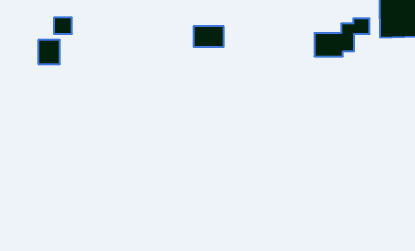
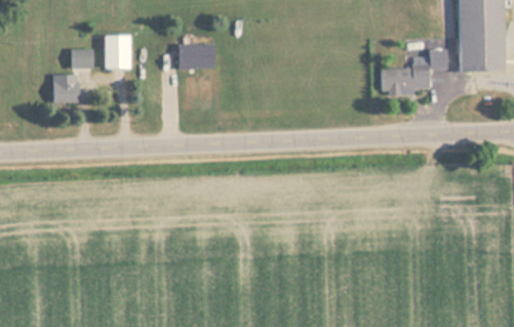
building: none -> [105,36,129,68]
building: [194,26,224,47] -> [177,44,213,69]

